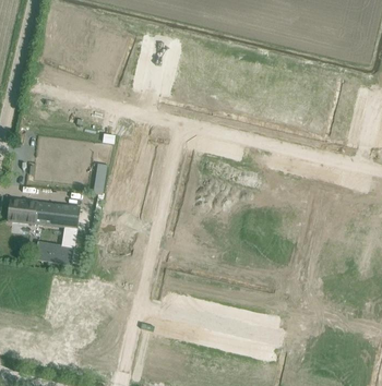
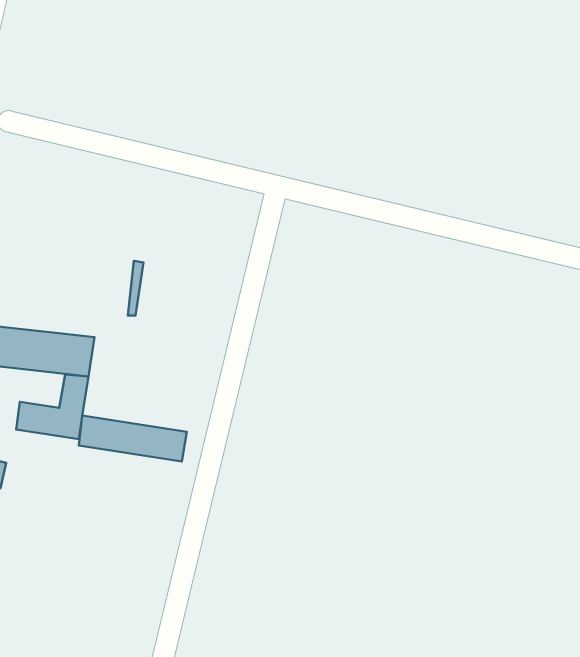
building: none -> [79,416,187,461]

